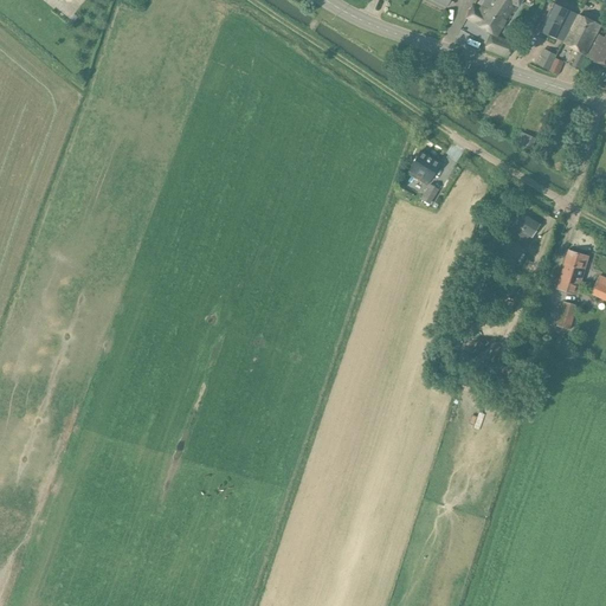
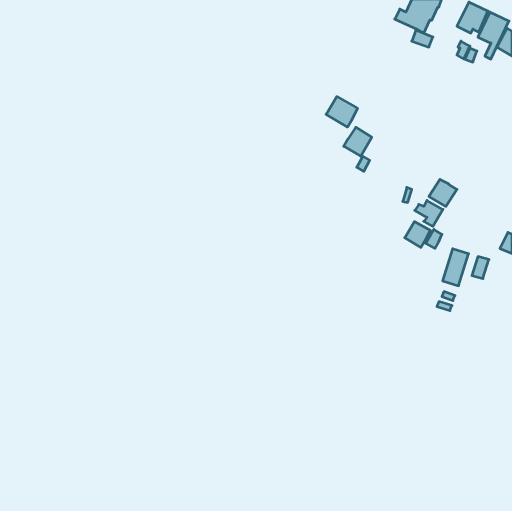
building: none -> [326,97,357,127]
building: [557,250,588,294] -> [443,249,469,286]
building: none -> [405,222,430,247]

